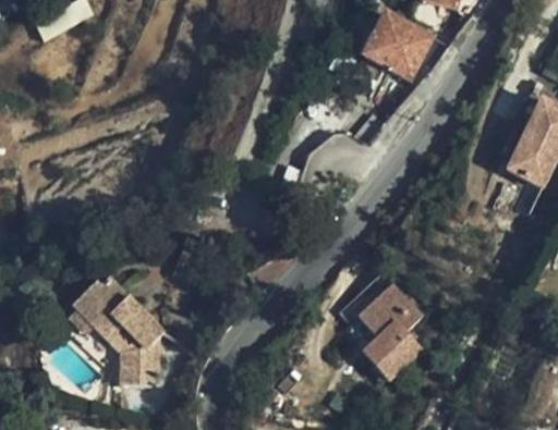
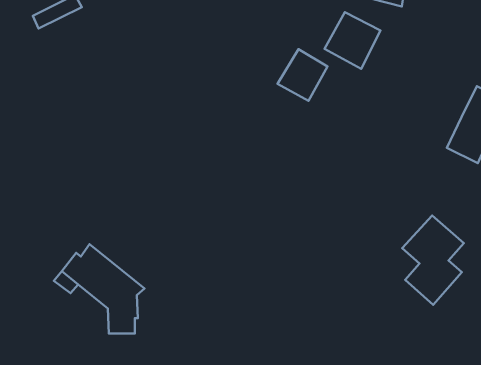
building: none -> [278,49,328,101]
building: [359,279,428,380] -> [402,215,464,305]

